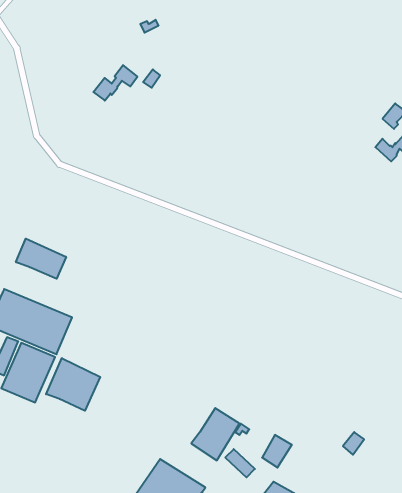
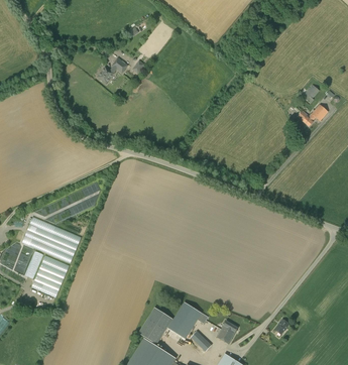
building: [16,239,66,279] -> none
building: [46,358,100,411] -> none
building: none -> [139,308,172,344]

